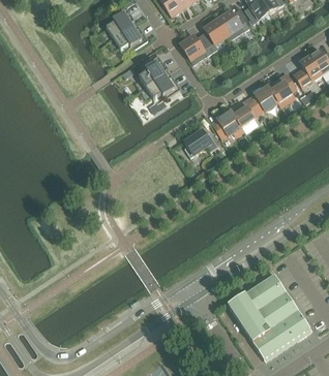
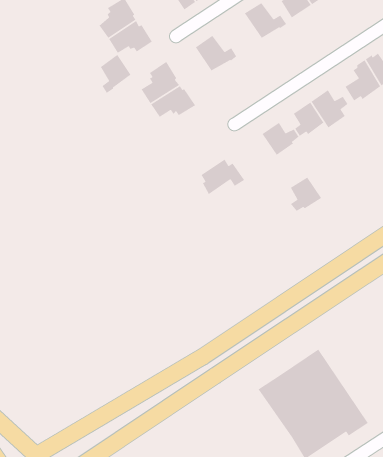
building: [204,19,231,52] -> none
building: none -> [100,54,132,94]
building: [217,111,242,137] -> [290,177,322,212]

